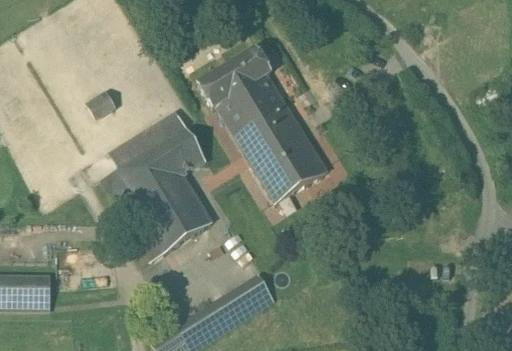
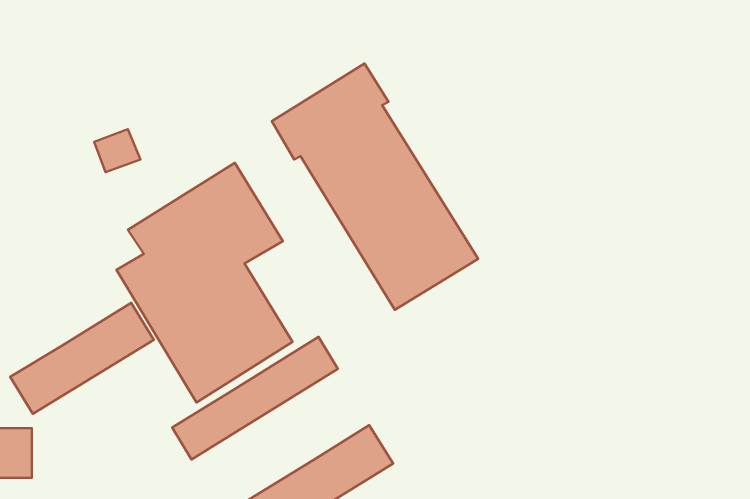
building: none -> [10,303,154,414]
building: none -> [172,337,338,459]

